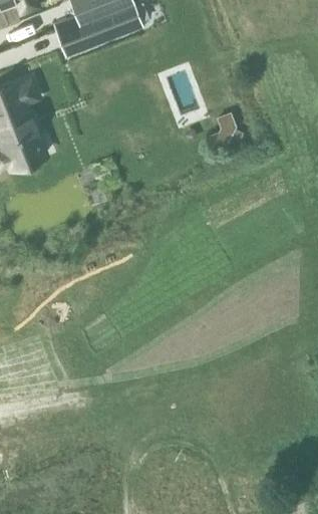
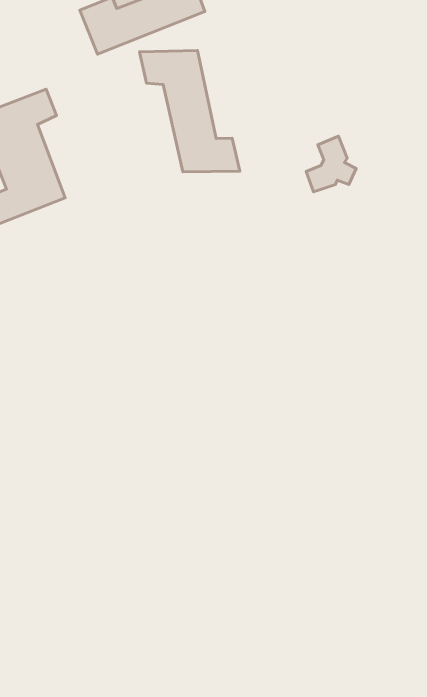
building: none -> [139,51,240,172]

